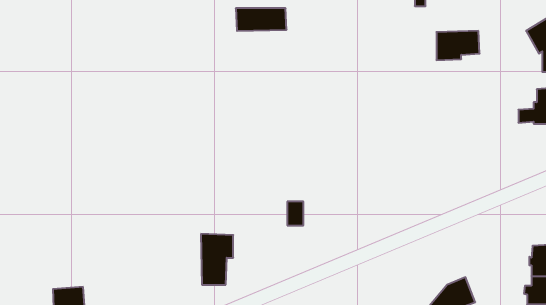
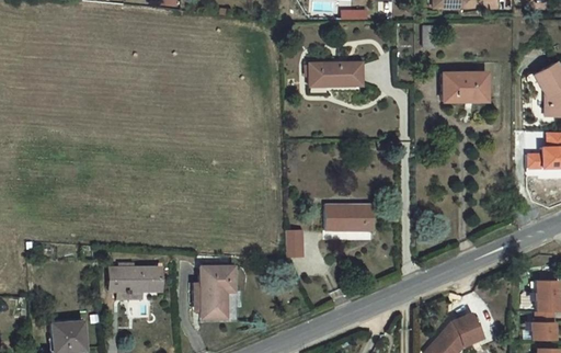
building: [236,8,287,31] -> [309,58,360,81]
building: none -> [329,210,376,238]
building: none -> [113,273,163,299]

